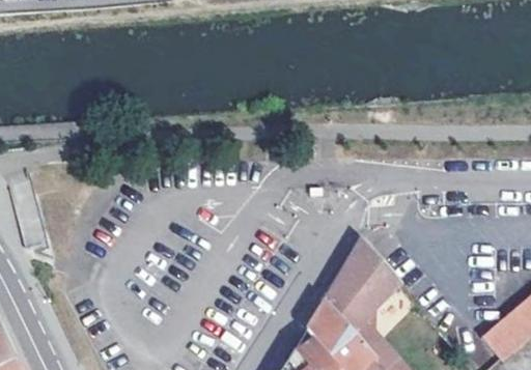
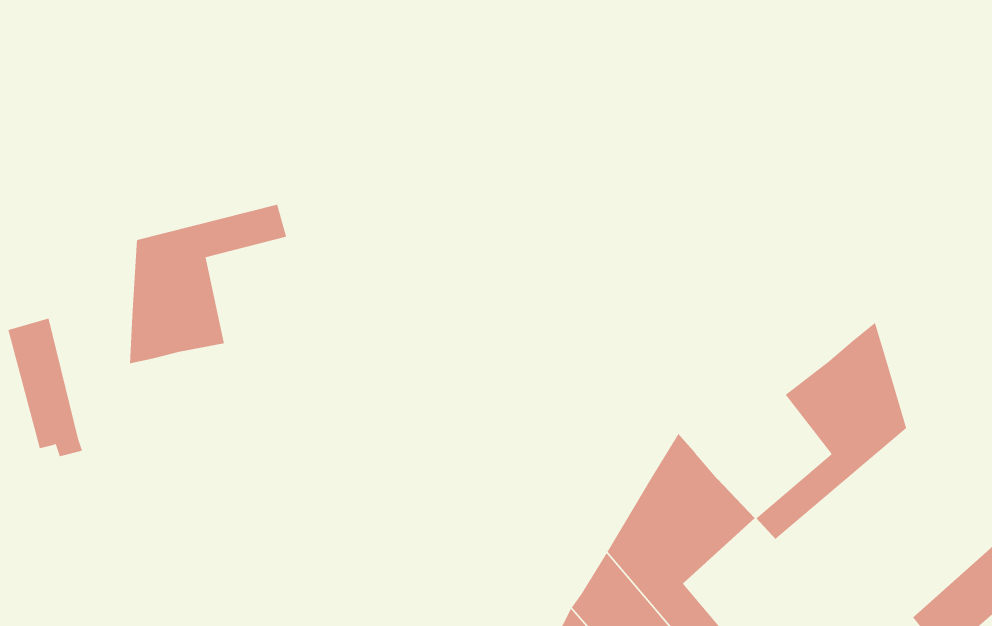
building: none -> [129,204,287,364]
building: none -> [755,322,907,540]

